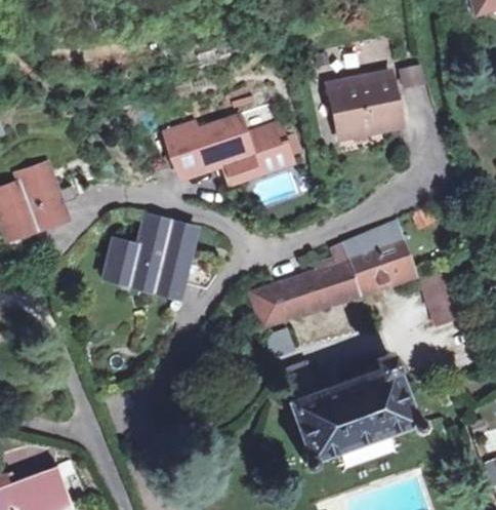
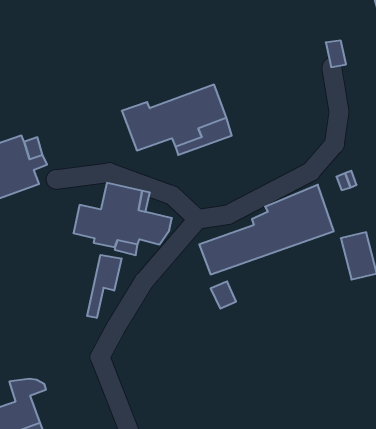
building: [328,71,401,134] -> none
building: none -> [87,255,122,318]
building: [282,358,413,456] -> none

